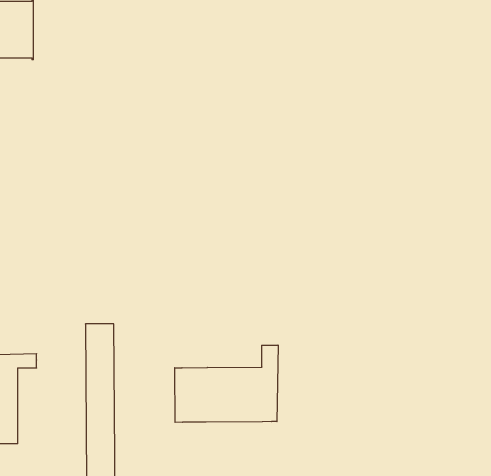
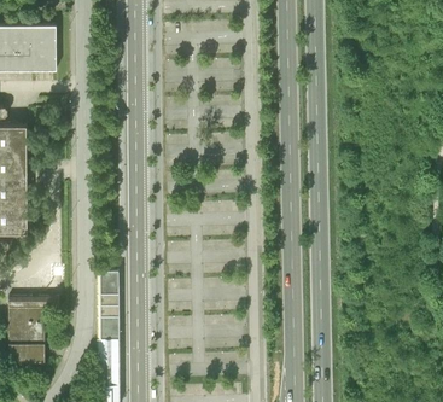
building: [175,345,278,422] -> none

